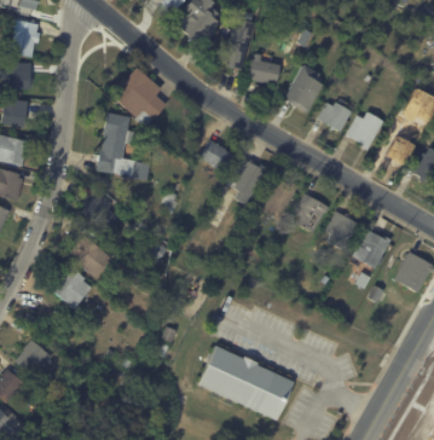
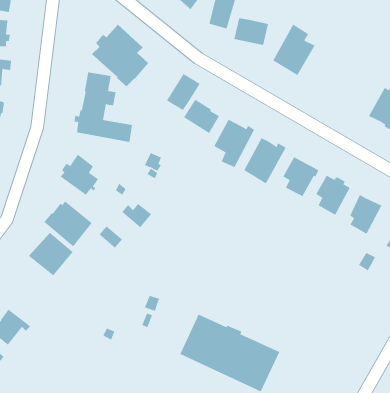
building: [318,104,352,134] -> none
building: [346,114,386,152] -> none
building: none -> [166,73,200,111]

